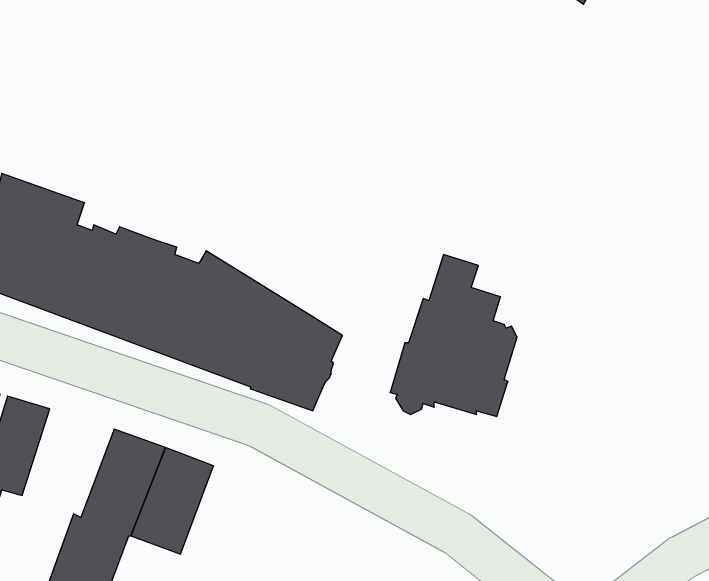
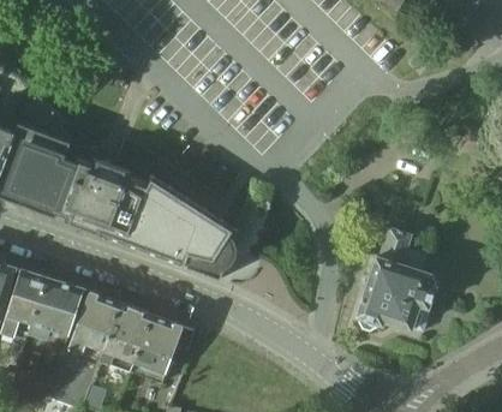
building: [390,255,517,416] -> [354,226,437,332]
building: none -> [30,277,84,340]
building: none -> [133,315,196,383]

